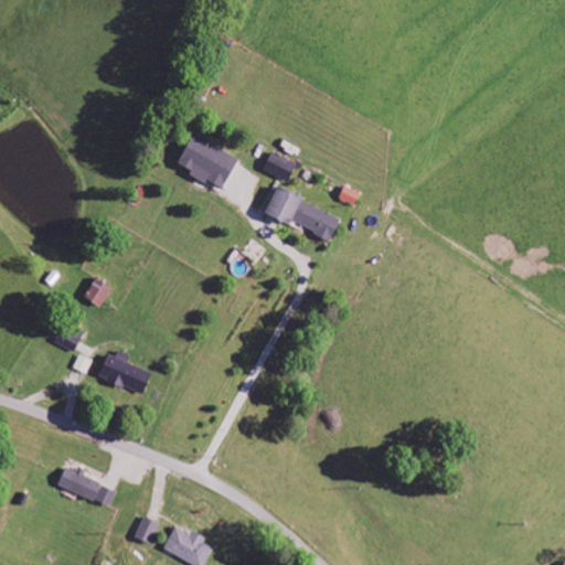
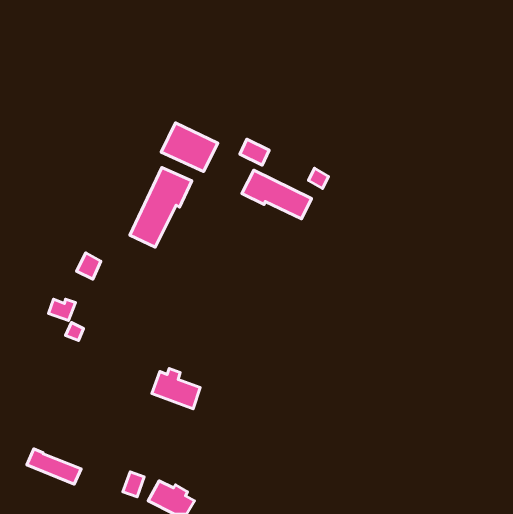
building: none -> [130,168,192,247]
building: [98,350,151,394] -> [152,368,200,409]
building: [57,467,117,505] -> [27,449,81,484]

